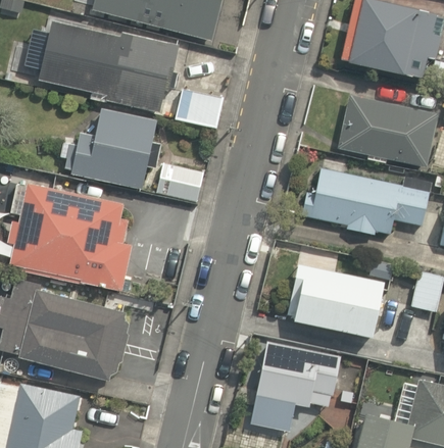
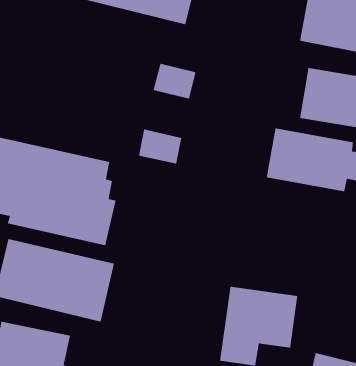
building: [41,20,181,114] -> none
building: [61,106,156,188] -> none
building: [278,258,379,338] -> none

